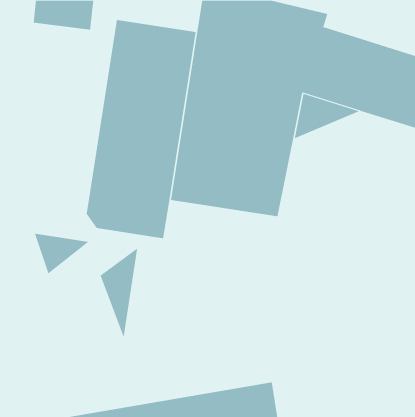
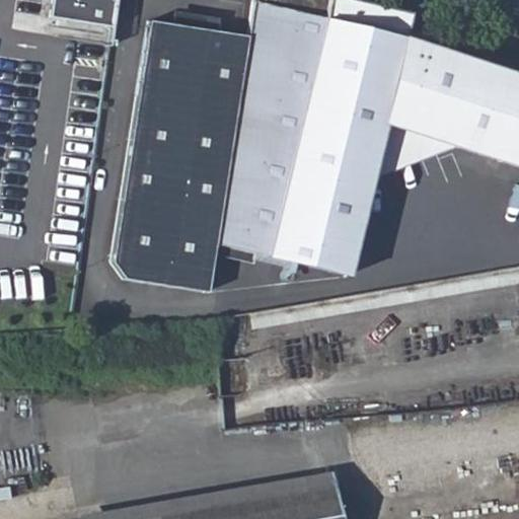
building: [34,233,90,274] -> none
building: [100,247,138,339] -> none

